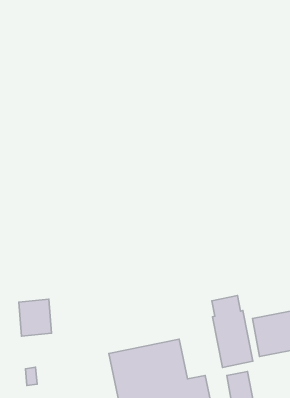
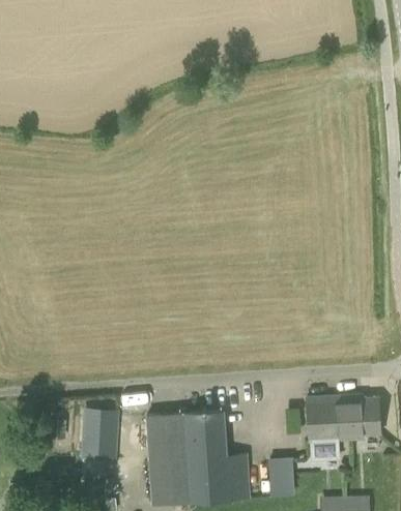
building: [212,296,253,368] -> none
building: [19,299,52,336] -> [81,412,116,450]

